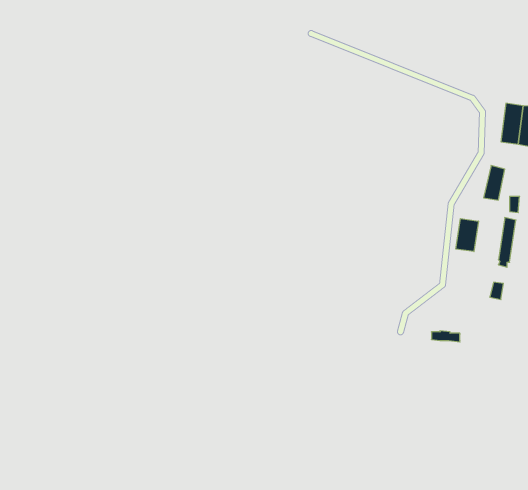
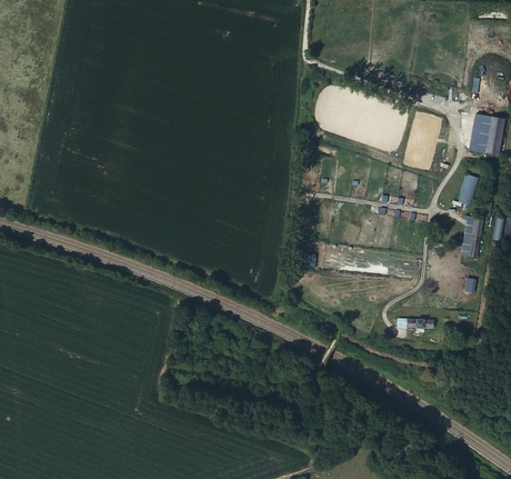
building: [456,219,478,252] -> none

